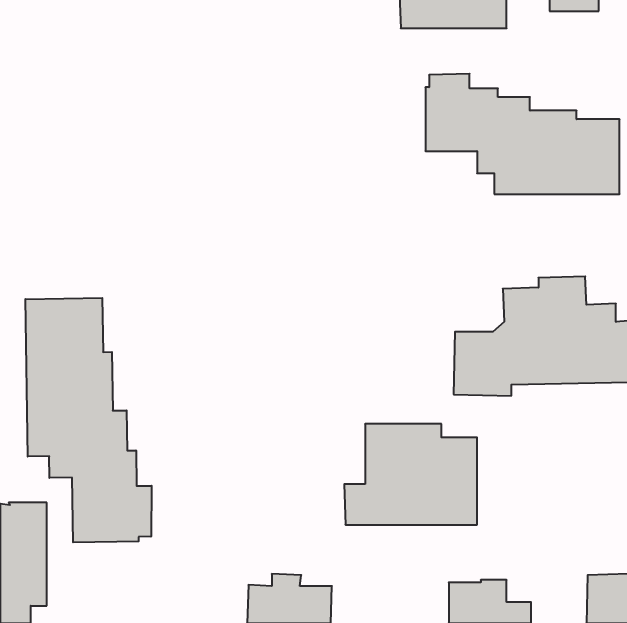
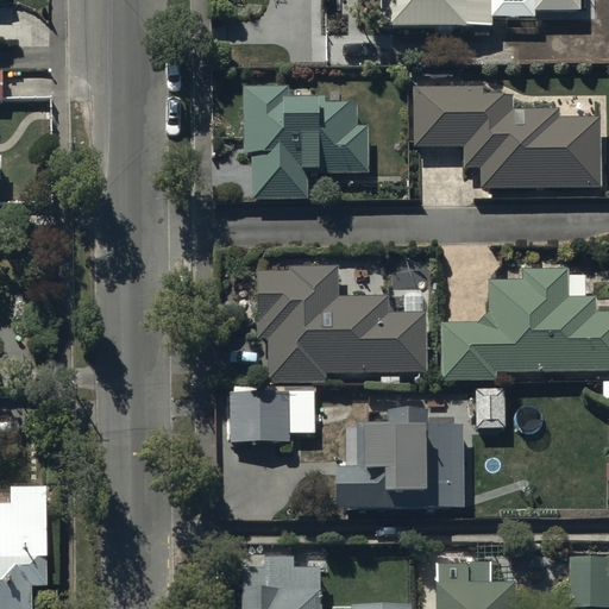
building: none -> [243,86,368,200]
building: none -> [256,265,428,381]
building: [25,298,152,542] -> none
building: none -> [230,385,316,441]

